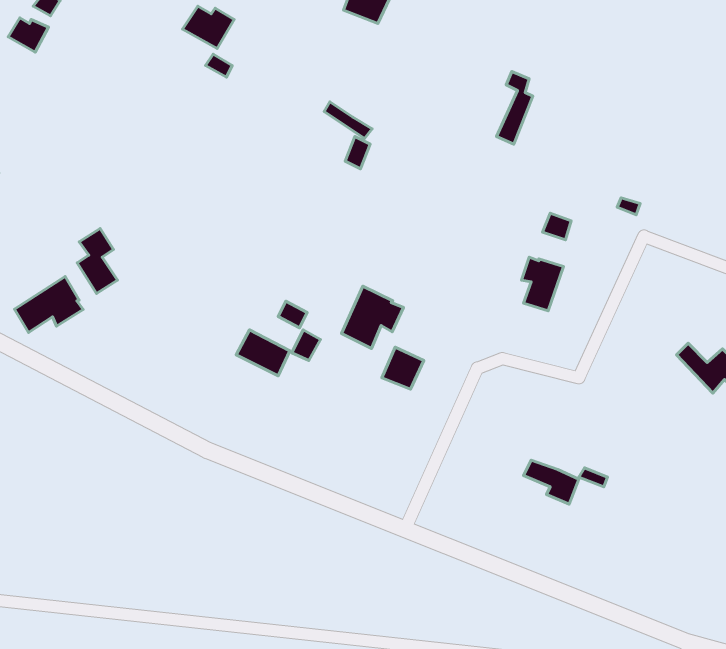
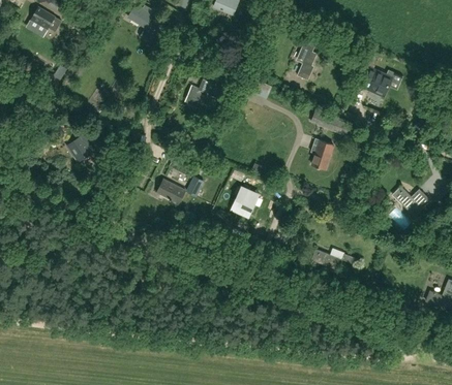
building: none -> [362,68,392,95]
building: none -> [186,78,214,114]
building: [15,277,83,333] -> none
building: [341,286,403,348] -> none

